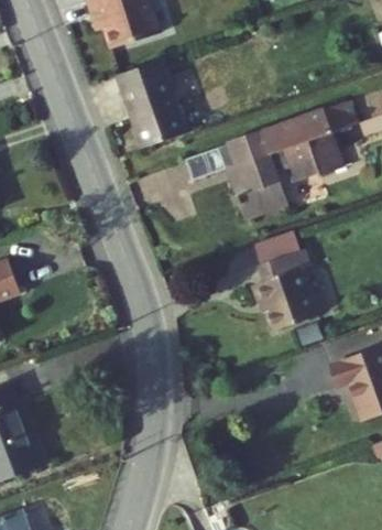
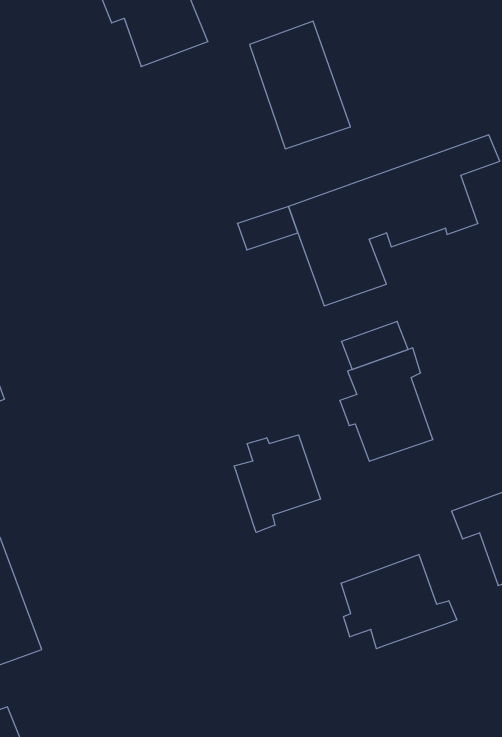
building: [116,60,187,150] -> [250,21,350,149]
building: none -> [234,435,320,532]
building: none -> [341,554,457,649]

